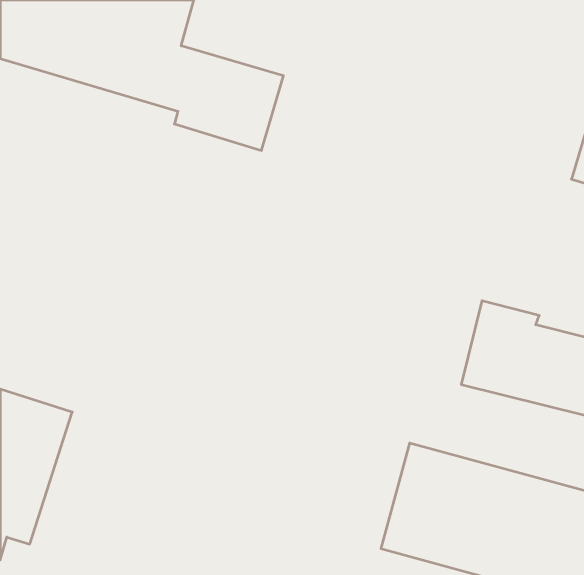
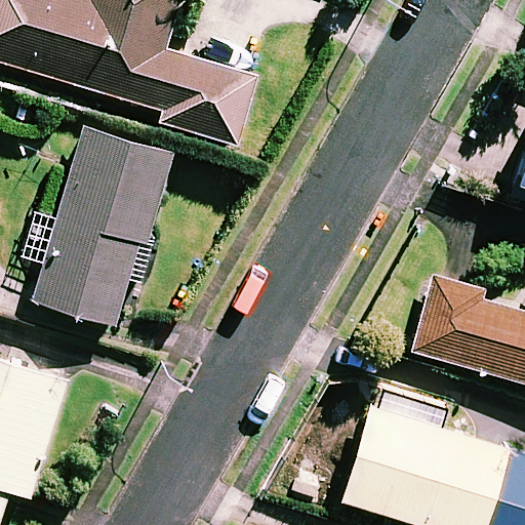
building: none -> [37,127,172,321]

